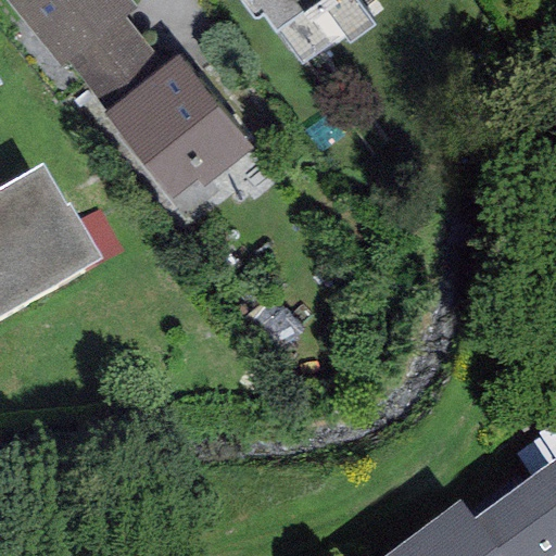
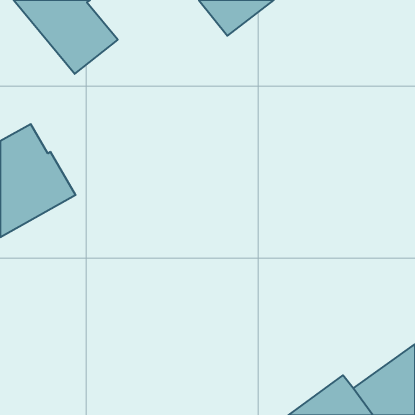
building: [79,36,253,208] -> none

